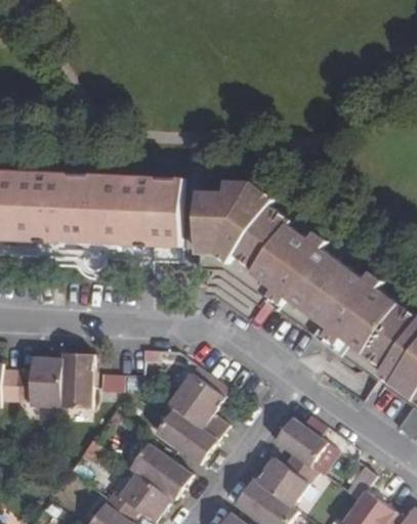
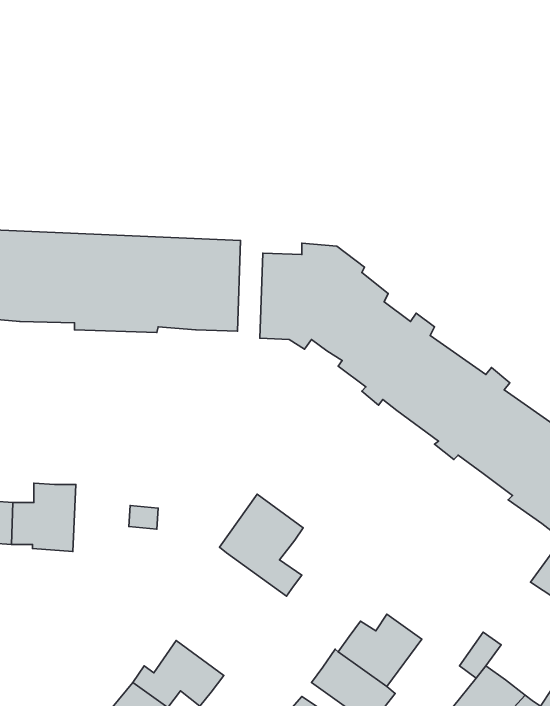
building: [59,353,92,408] -> none
building: [155,408,216,464] -> none
building: [274,418,337,475] -> none
building: [129,443,191,500] -> none

